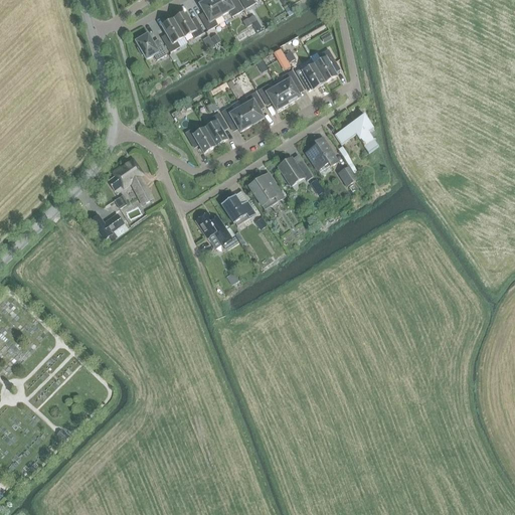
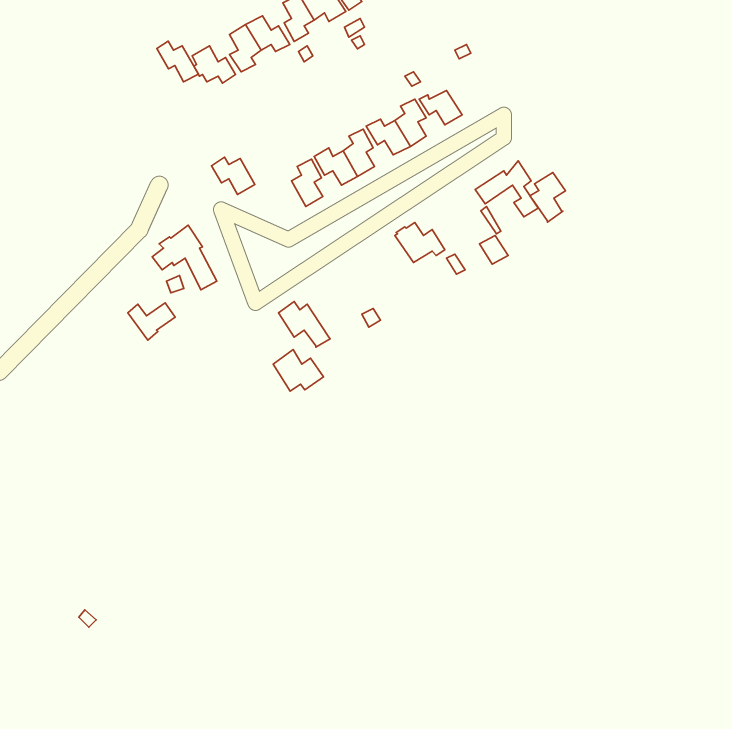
building: none -> [157,41,198,82]
building: [313,47,335,80] -> none
building: none -> [530,172,566,222]
building: [184,126,214,152] -> [212,157,255,194]
building: [305,136,337,169] -> none
building: [248,175,283,204] -> none
building: [220,193,255,222] -> [273,350,323,391]

